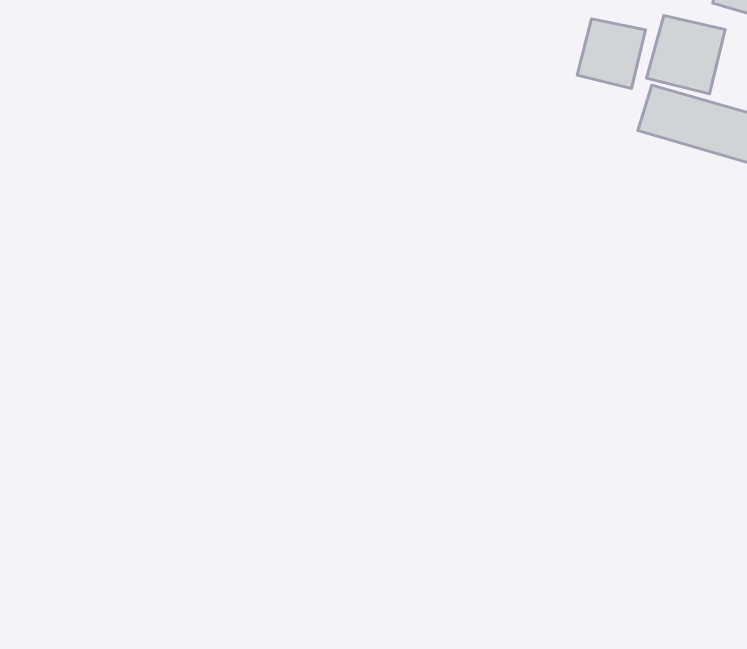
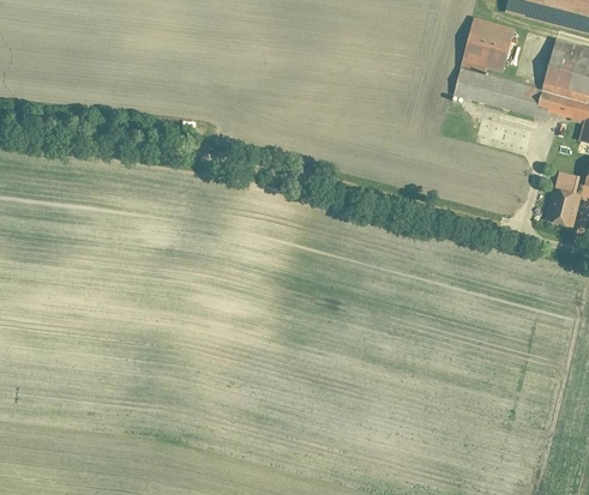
building: [577,19,645,89] -> none

